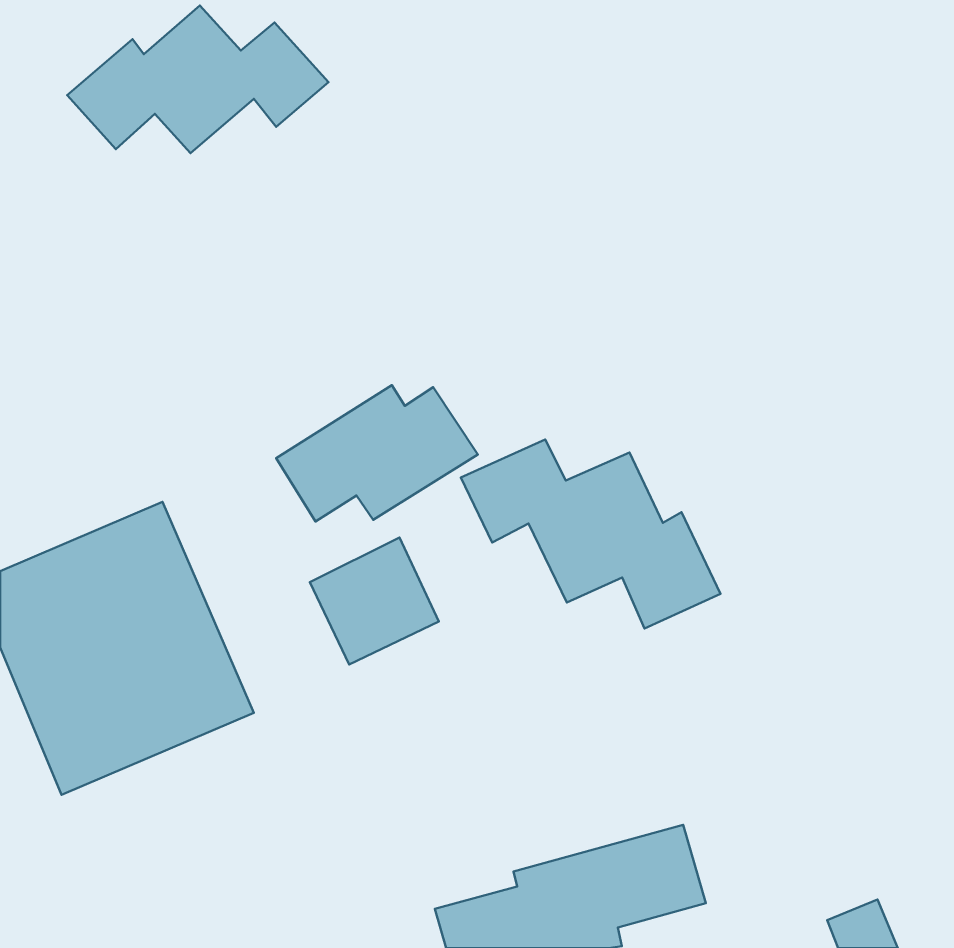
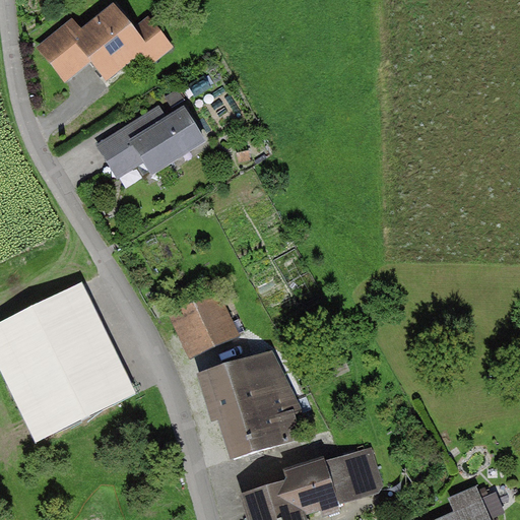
building: [276,385,478,522] -> [94,106,204,180]
building: [461,439,721,628] -> none
building: none -> [193,350,304,458]

